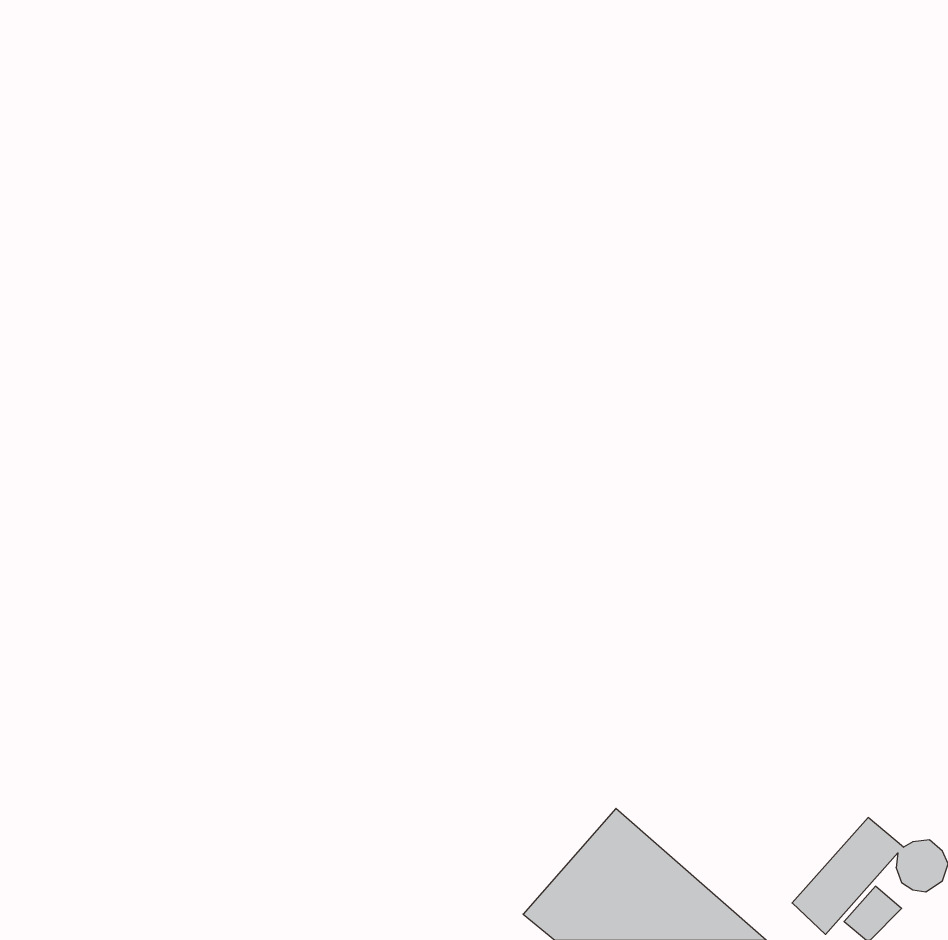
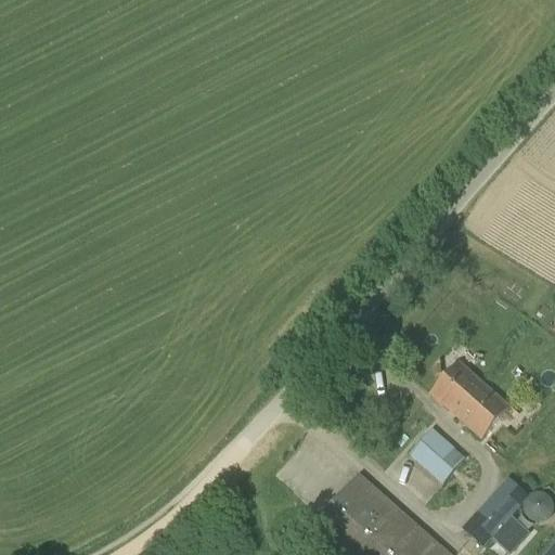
building: none -> [430,362,509,439]
building: none -> [409,428,470,483]

